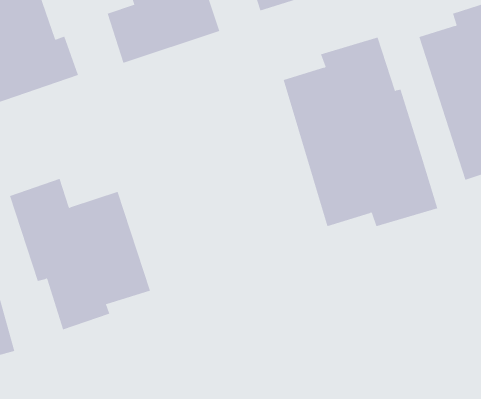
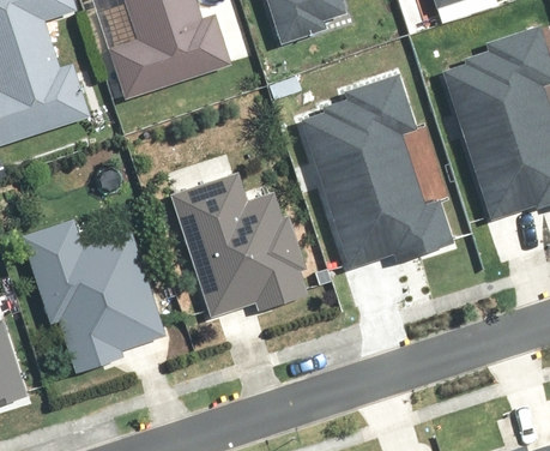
building: none -> [169,172,307,315]

